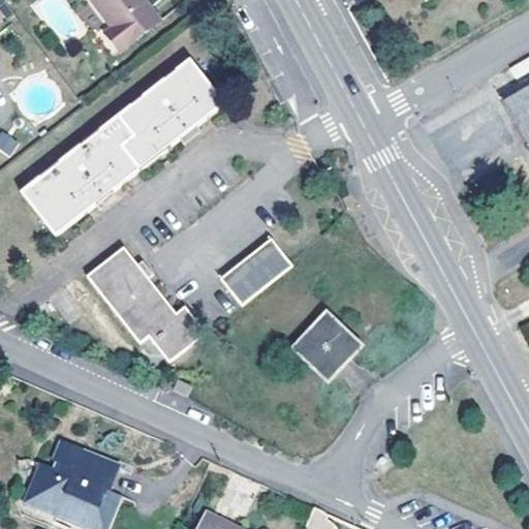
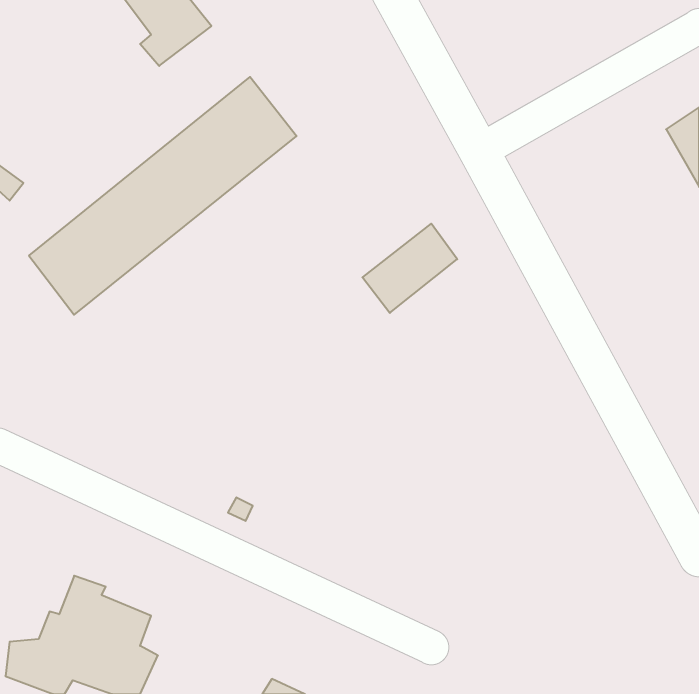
building: [220,235,291,302] -> [362,224,457,313]
building: [88,247,206,360] -> none
building: [291,310,357,377] -> none

